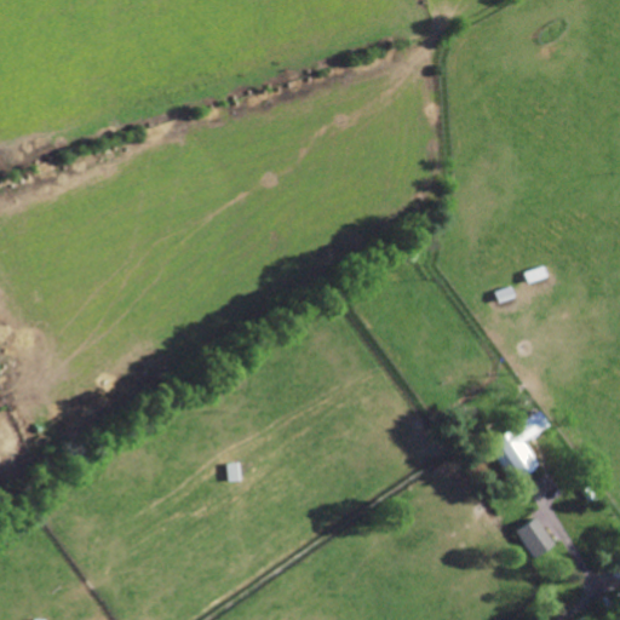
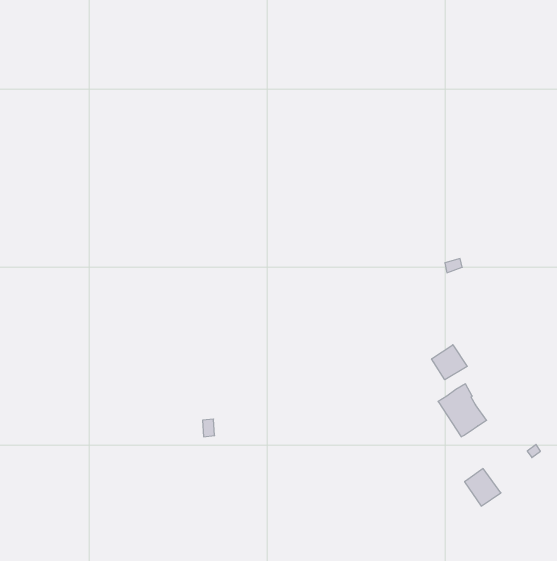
building: none -> [432,345,467,380]

